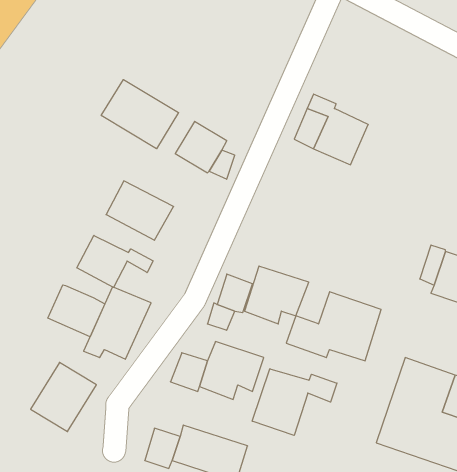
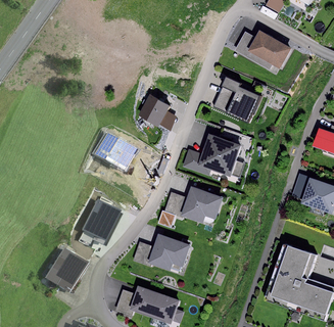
building: none -> [236,31,294,68]
building: [101,80,179,149] -> none
building: [77,235,153,287] -> none
building: [48,285,105,337] -> none
building: [286,292,381,361] -> [184,132,244,176]
building: [252,369,337,435] -> none

